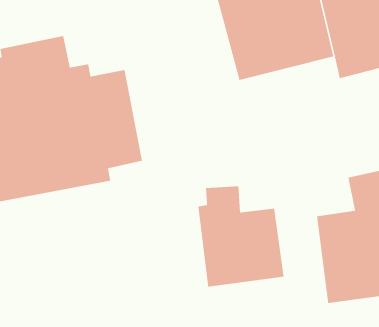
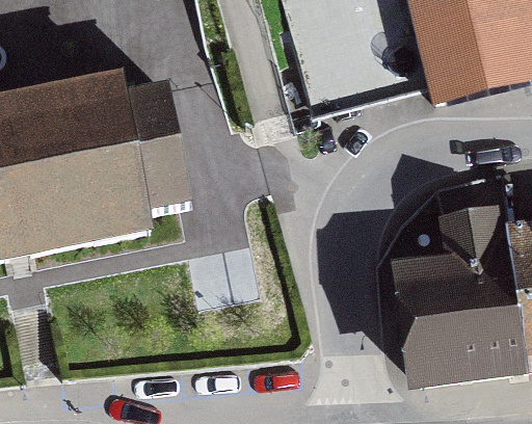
building: [197,185,284,288] -> none

